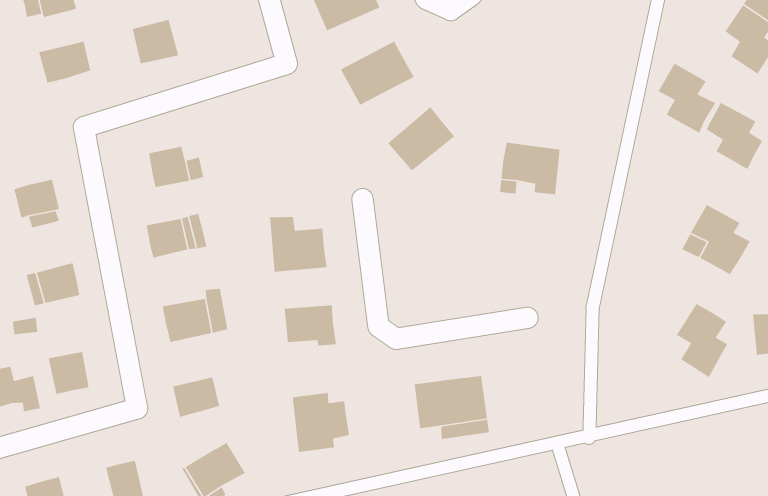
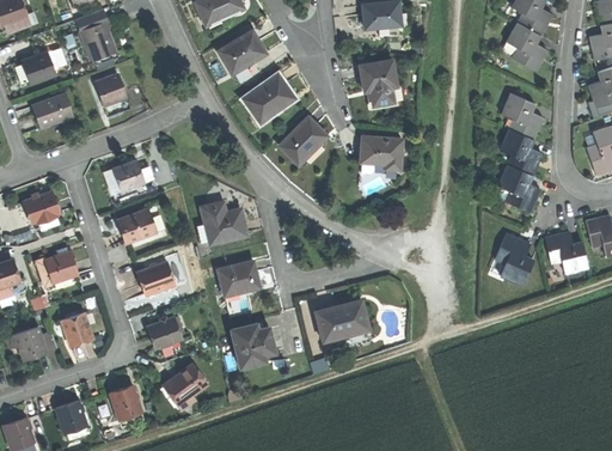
building: none -> [359,59,396,104]
building: [657,62,717,134] -> [498,127,540,175]

